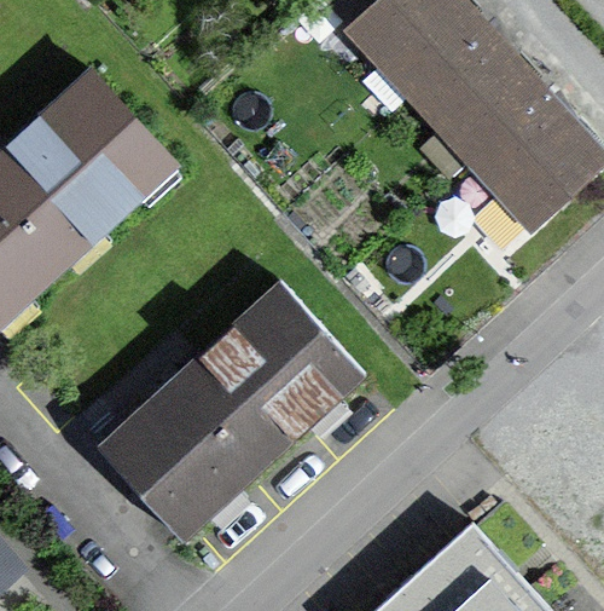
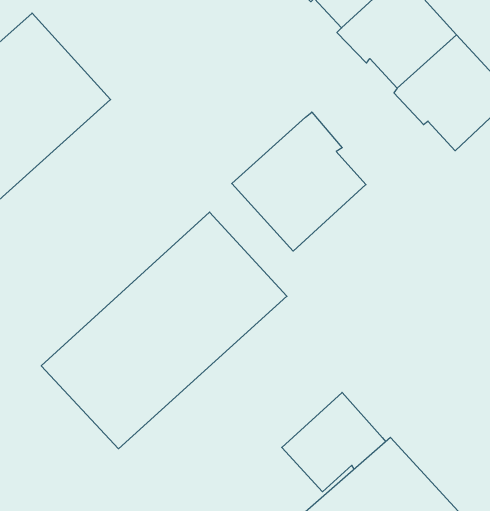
building: none -> [232,112,366,251]
building: none -> [282,392,386,492]

